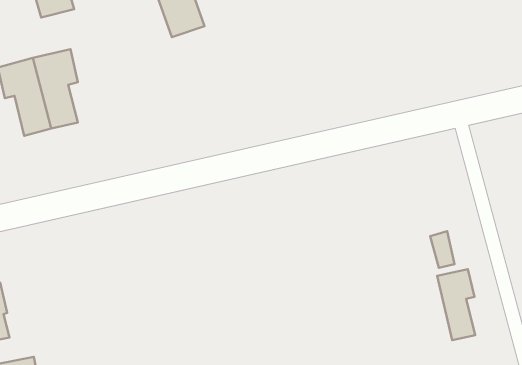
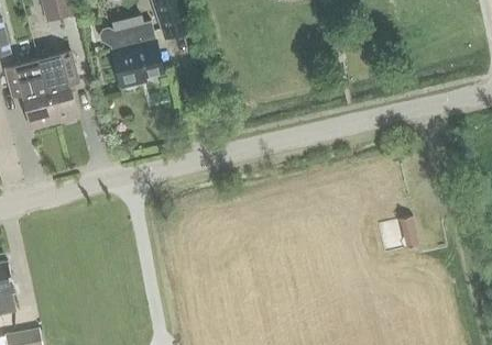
building: none -> [98,14,163,88]
building: [437,269,475,340] -> none

